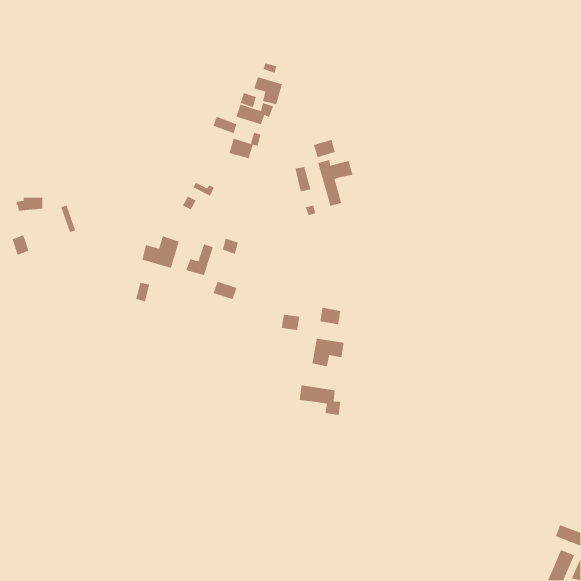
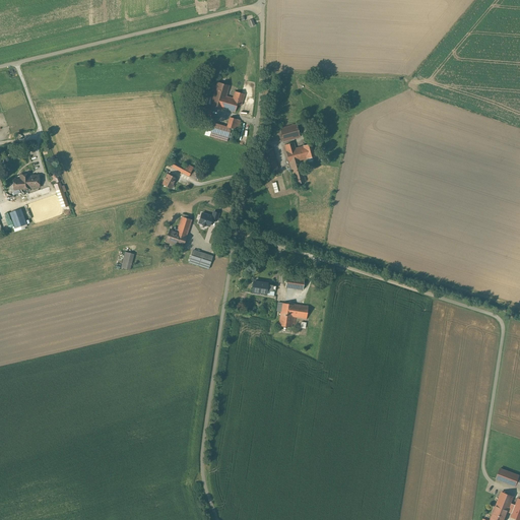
building: [253,76,283,105] -> none
building: [141,235,180,269] -> none
building: [299,384,341,416] -> none

